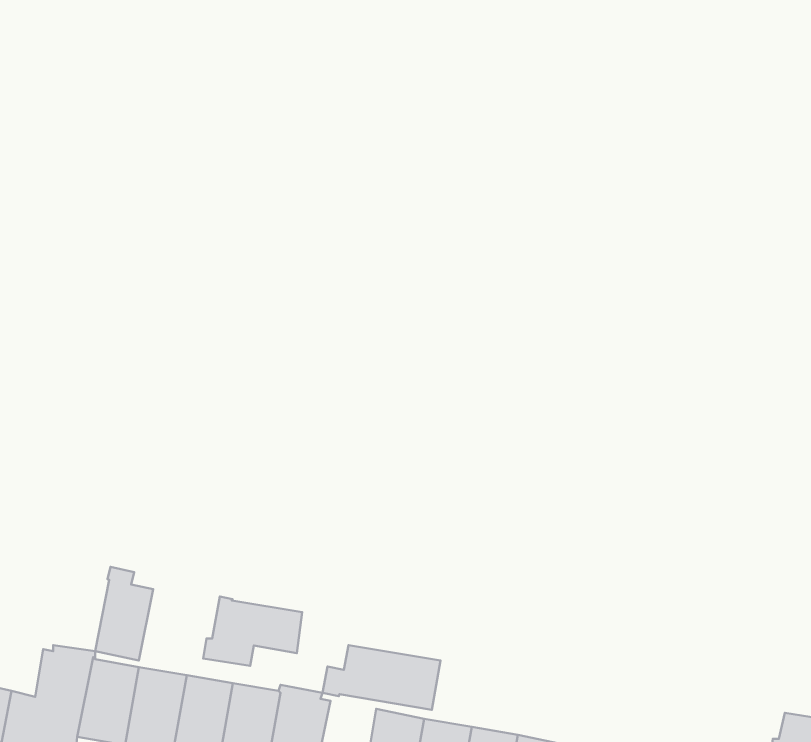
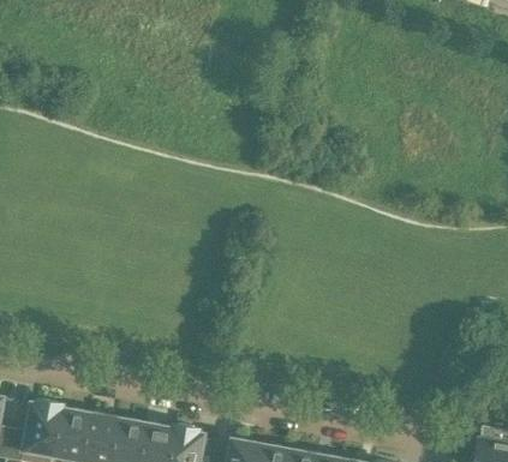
building: [95,567,153,660] -> none
building: [203,597,302,666] -> none
building: [322,645,441,710] -> none

